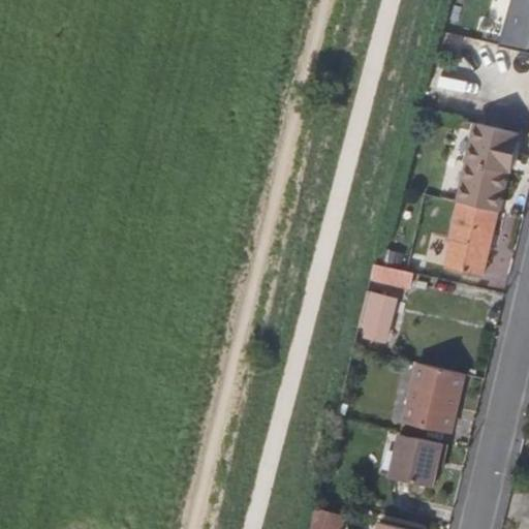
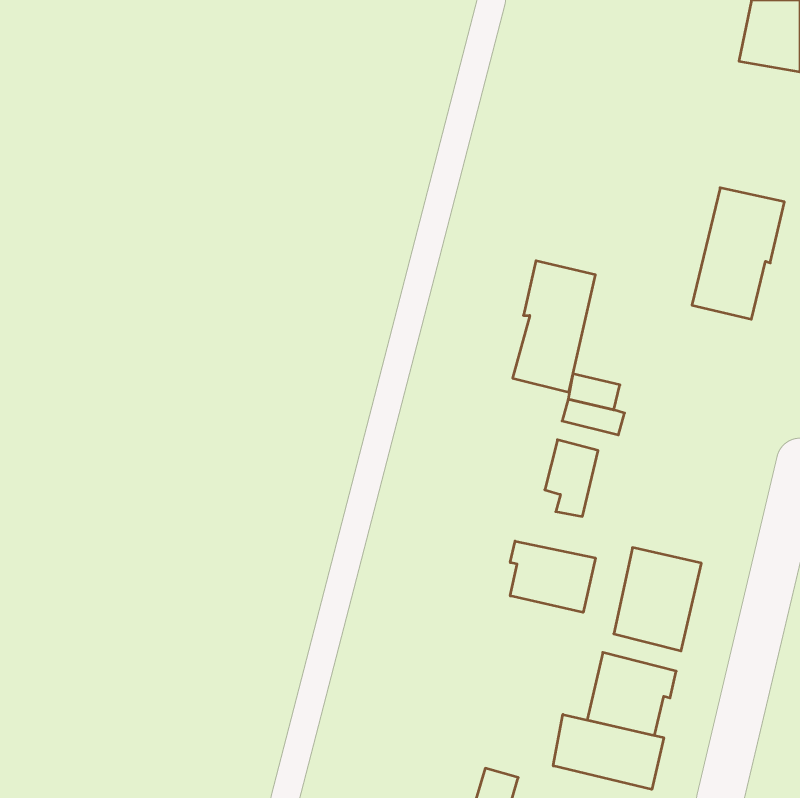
building: [441,203,496,289] -> [513,261,595,392]
building: none -> [510,541,595,612]
building: none -> [553,714,664,789]

